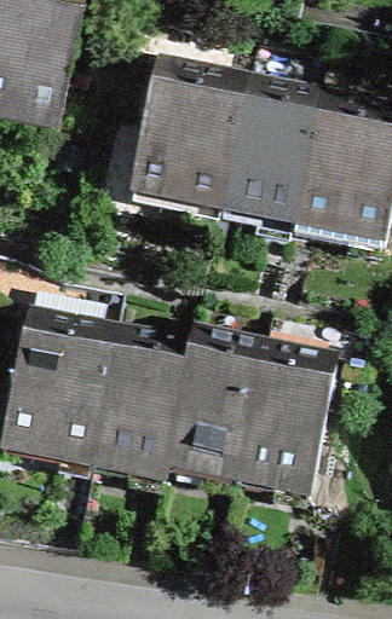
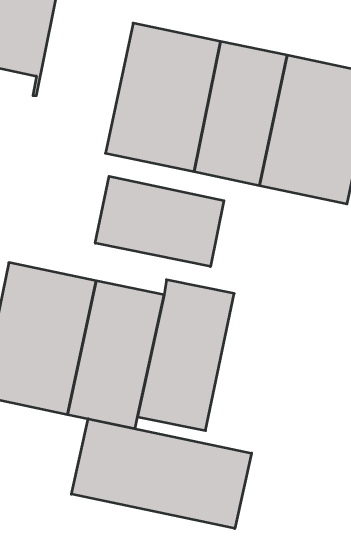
building: none -> [95,176,224,267]
building: [232,345,334,503] -> none
building: none -> [71,419,252,529]

